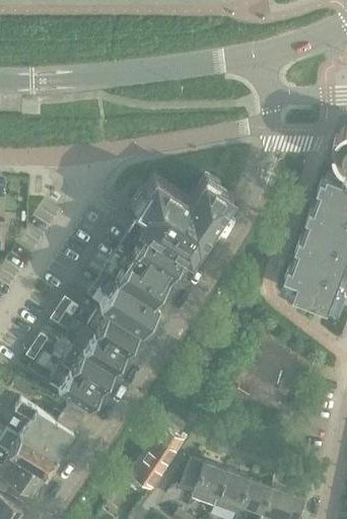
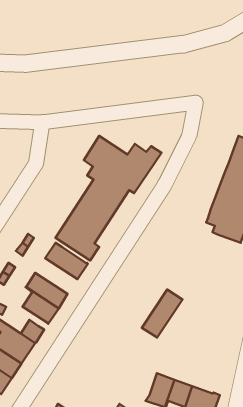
building: [73,330,126,375] -> none
building: [131,430,182,490] -> [142,290,182,337]
building: [179,462,225,509] -> none

